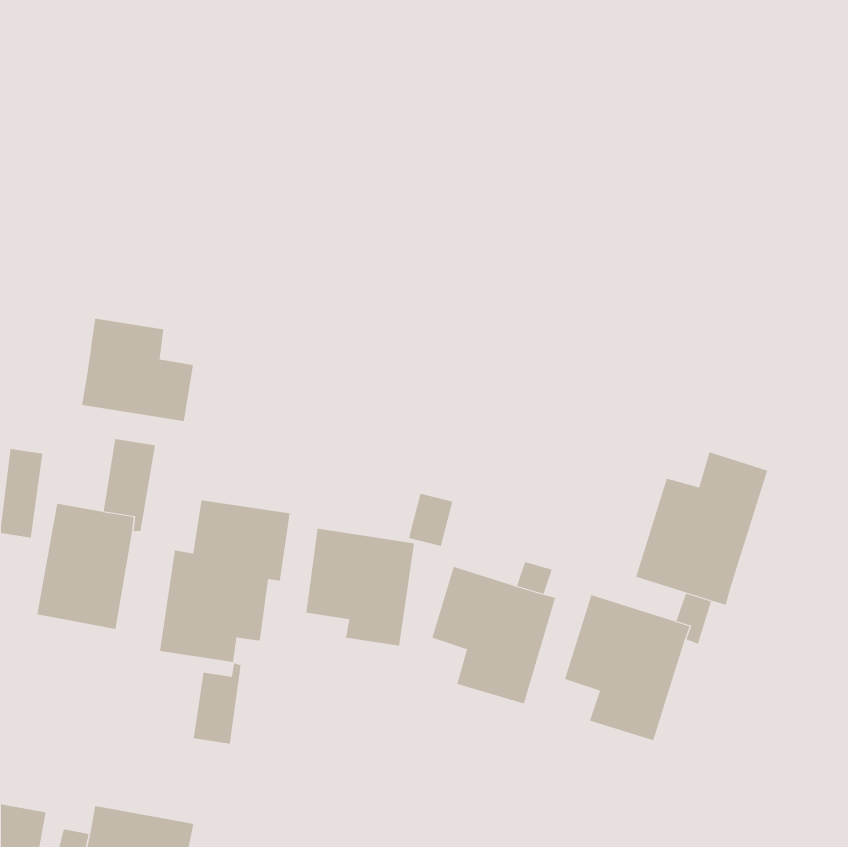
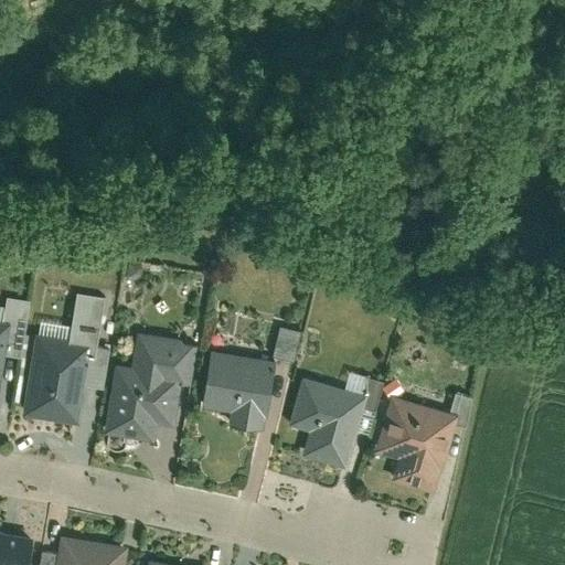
building: [82,318,194,422] -> none
building: [635,451,768,605] -> none
building: [193,663,241,744] -> none

